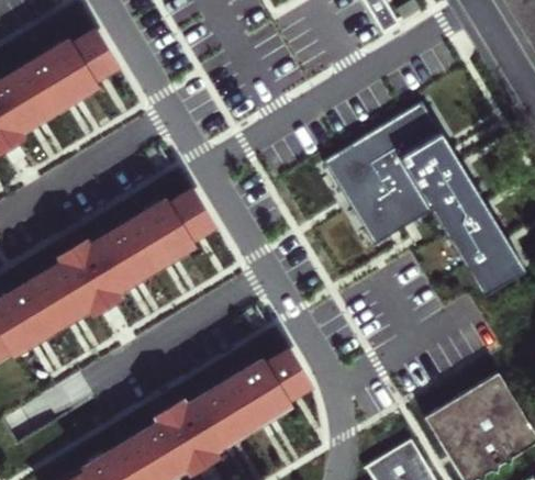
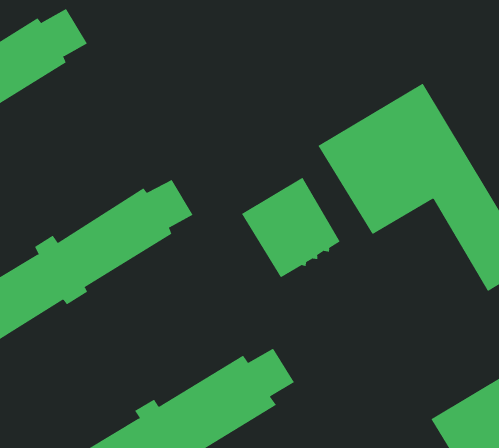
building: none -> [241,177,341,278]

